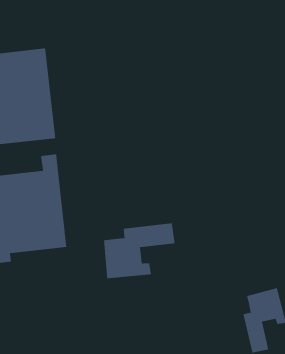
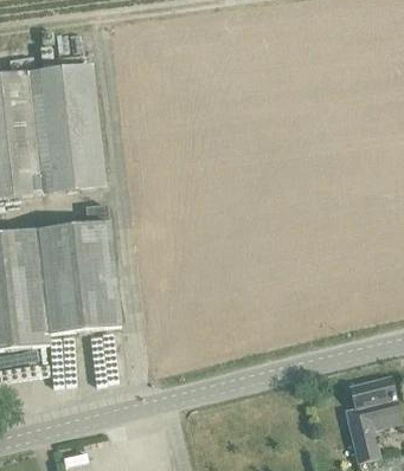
building: [103,222,175,279] -> none

